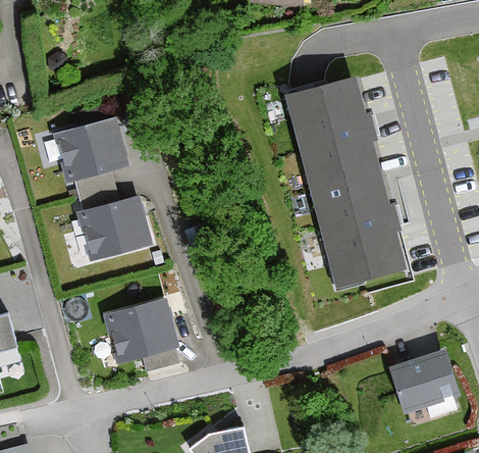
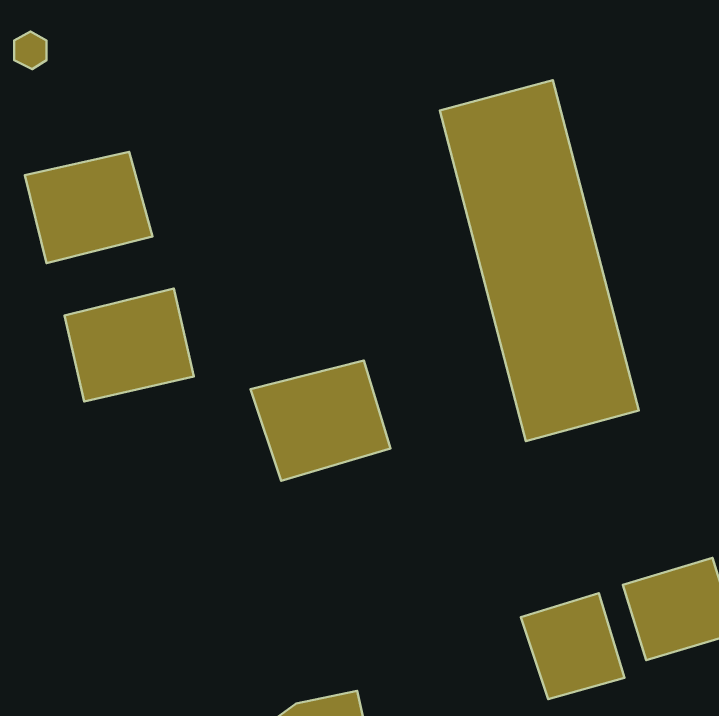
building: [101,298,180,366] -> [251,360,391,481]
building: none -> [521,593,624,699]

